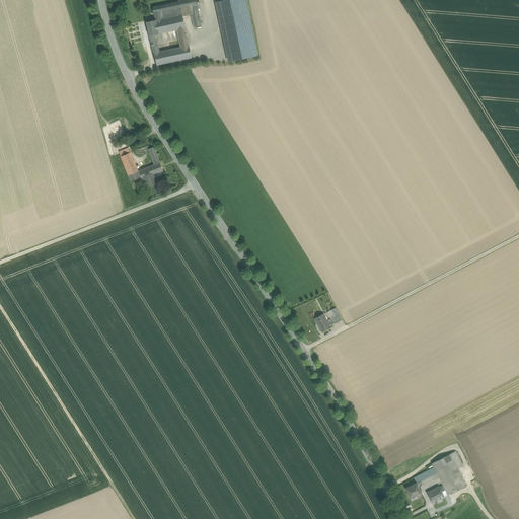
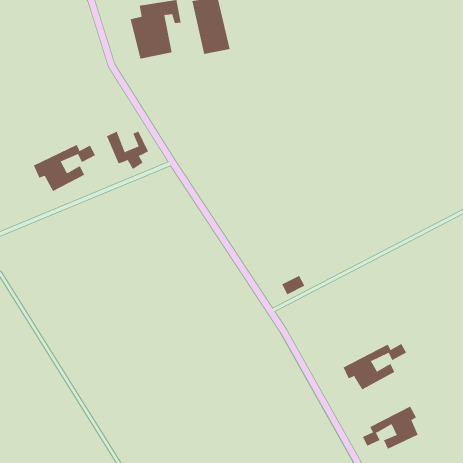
building: none -> [33,144,96,192]
building: none -> [343,343,407,390]

